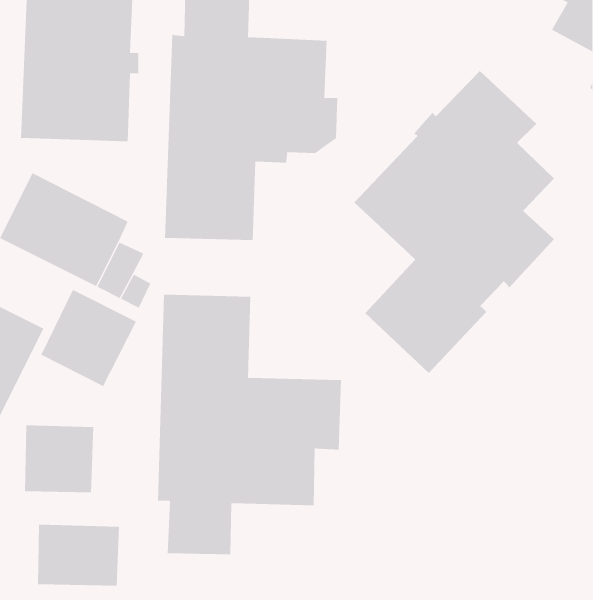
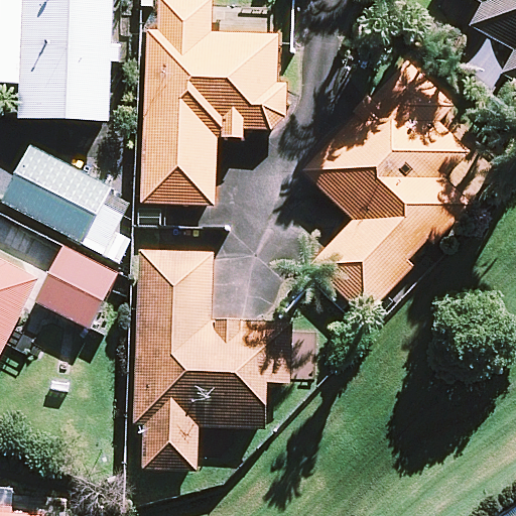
building: [24,425,94,493] -> none
building: [37,524,120,587] -> none

